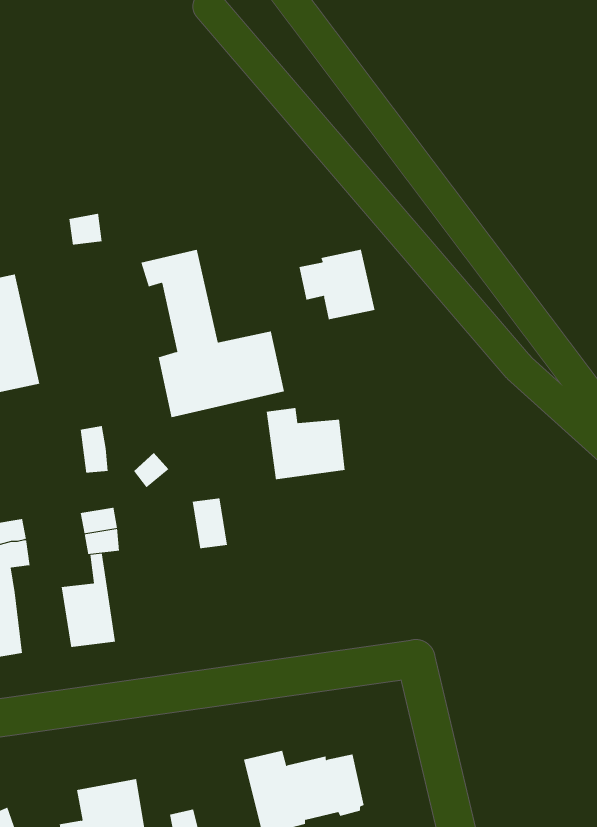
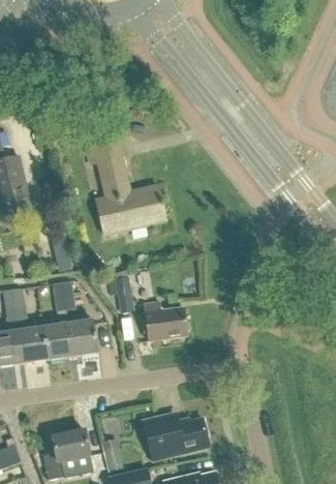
building: [299,249,375,320] -> none
building: [266,408,345,480] -> [143,300,186,339]
building: none -> [16,313,48,361]
building: none -> [67,317,97,355]

